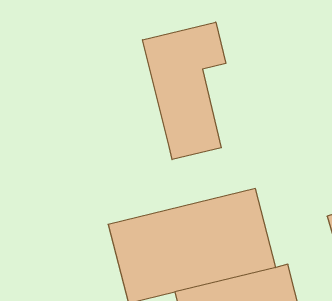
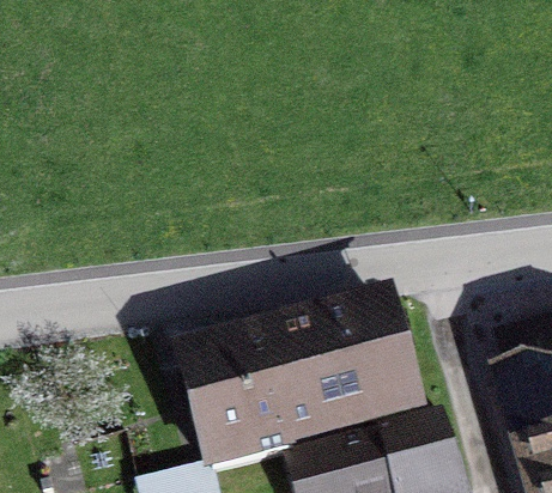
building: [143,22,226,160] -> none

